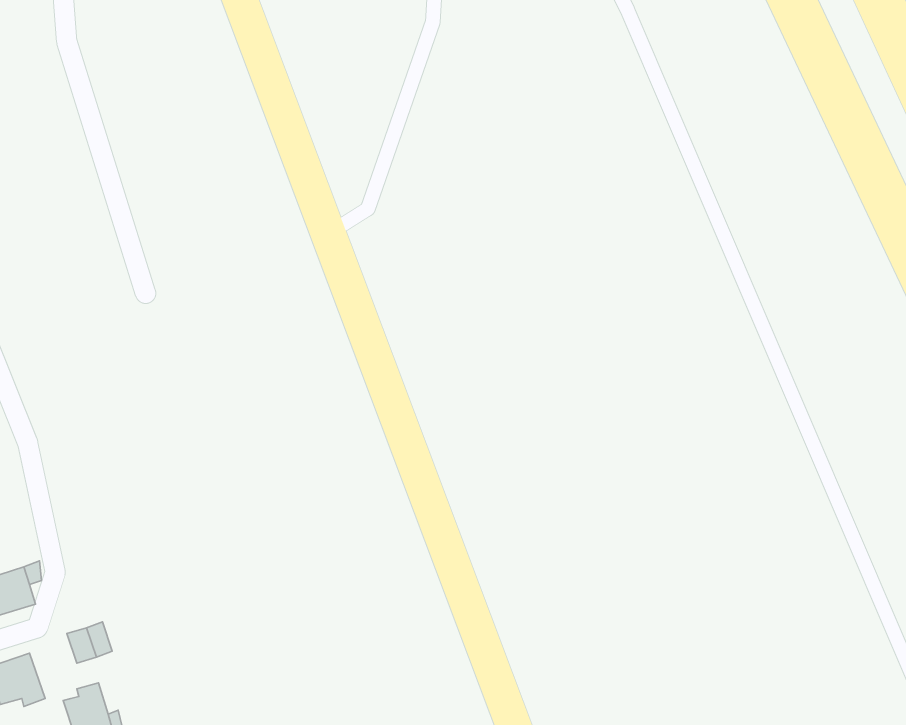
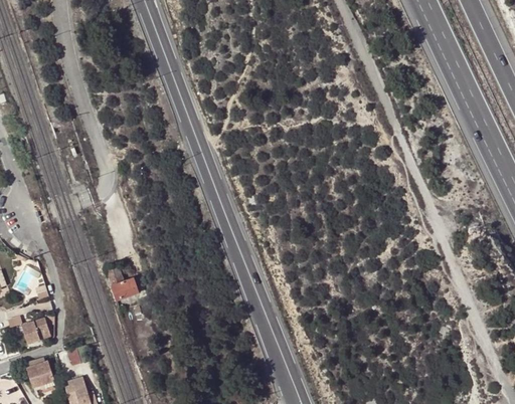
building: none -> [106,264,138,299]

